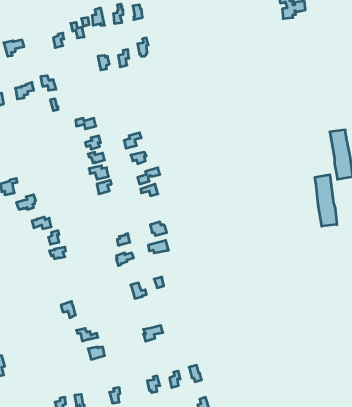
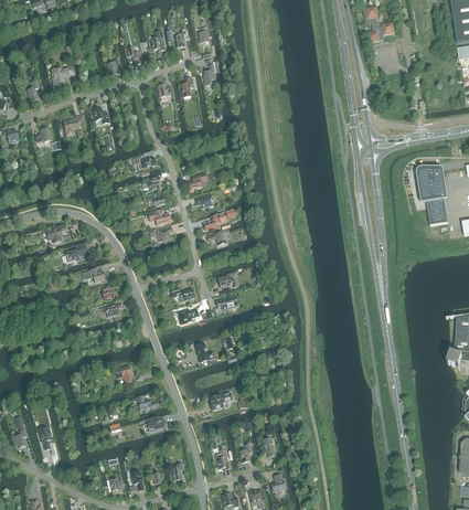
building: [315,175,337,226] -> none

